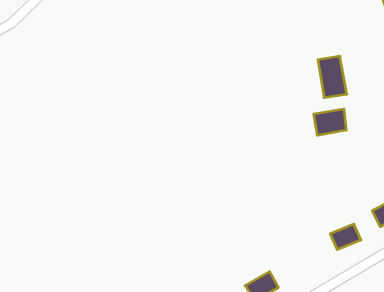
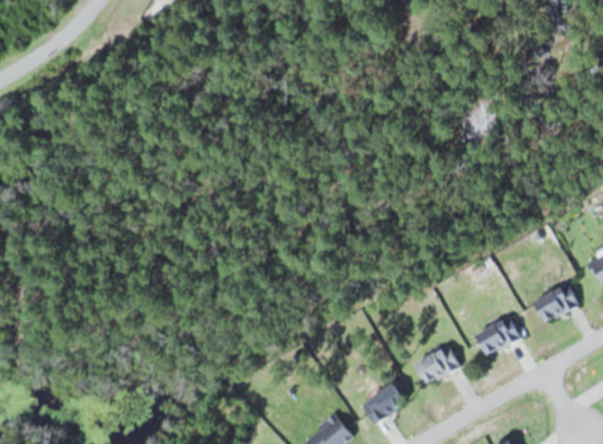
building: [314,109,346,135] -> none
building: none -> [417,346,459,382]

